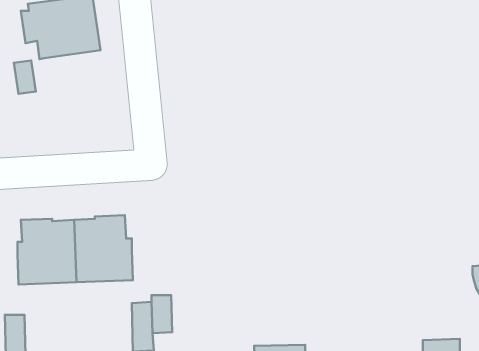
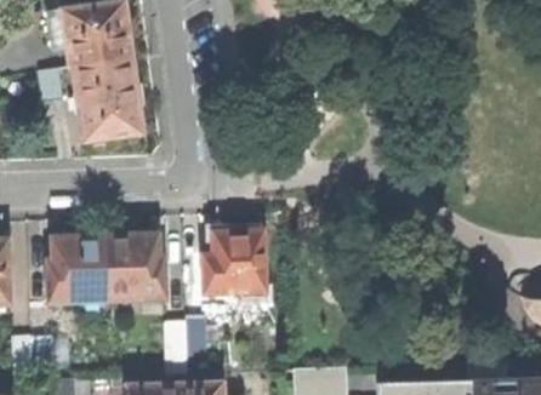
building: none -> [73,56,143,141]
building: none -> [200,225,266,292]

